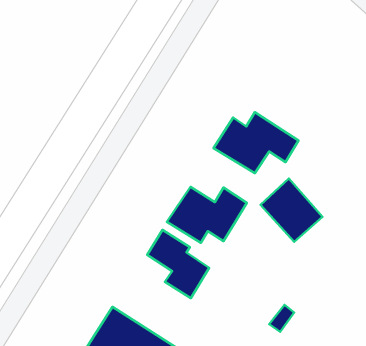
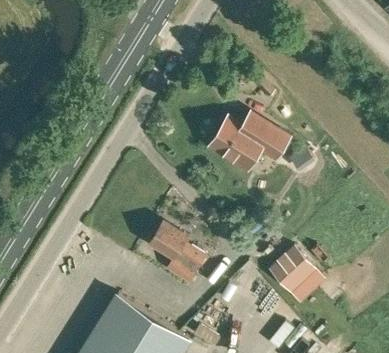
building: [261,179,323,242] -> [269,245,326,303]
building: [167,187,247,243] -> none

